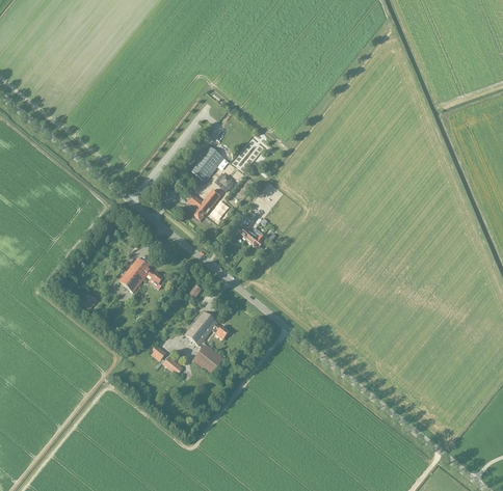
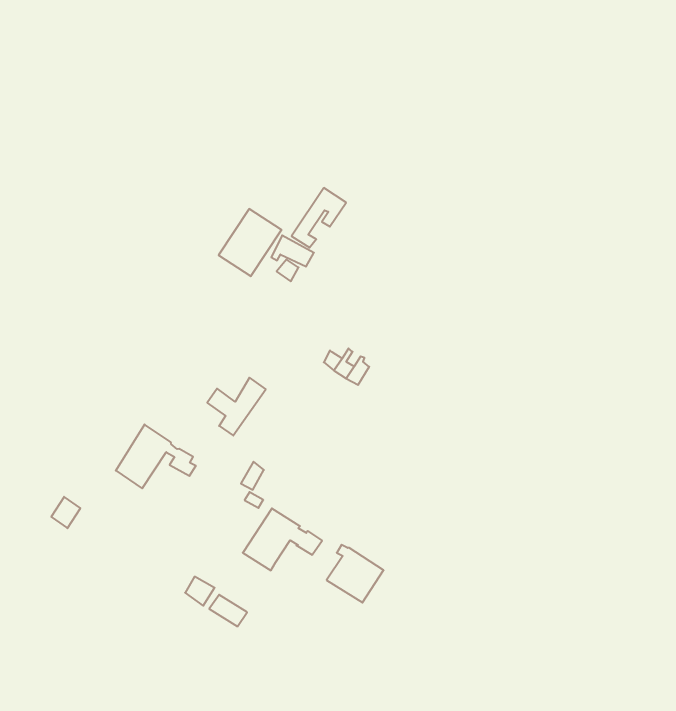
building: [188,189,221,220] -> [207,378,266,436]
building: [192,342,224,375] -> [327,545,384,603]

